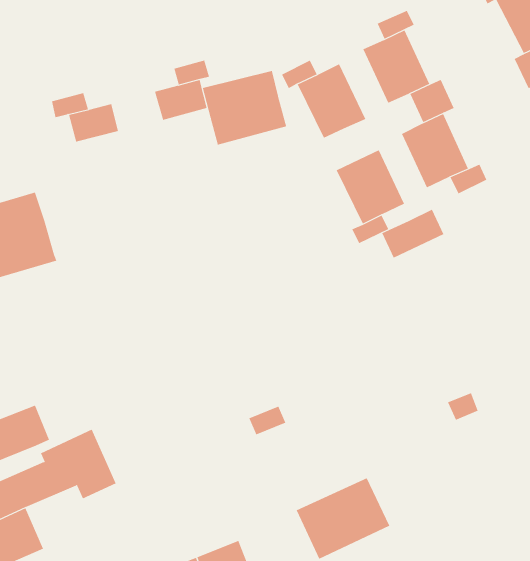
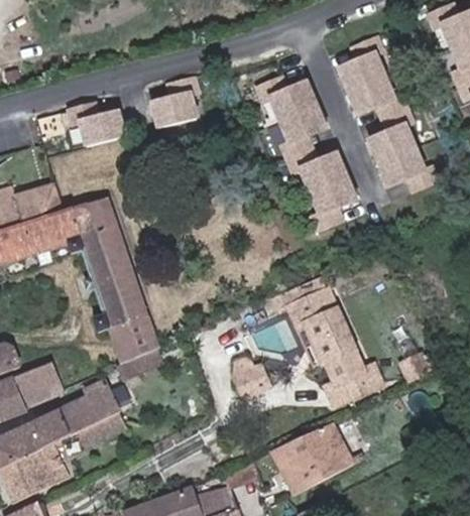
building: [202,70,287,146] -> none
building: none -> [286,133,324,170]
building: none -> [63,196,162,379]
building: [382,209,444,258] -> none
building: none -> [282,284,386,408]

